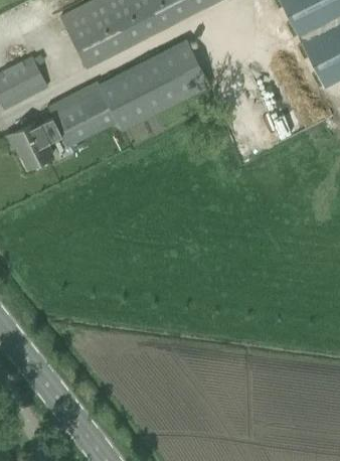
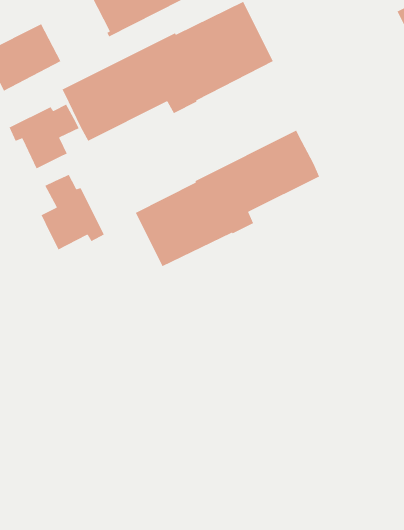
building: none -> [135,129,320,267]
building: none -> [40,174,105,251]

